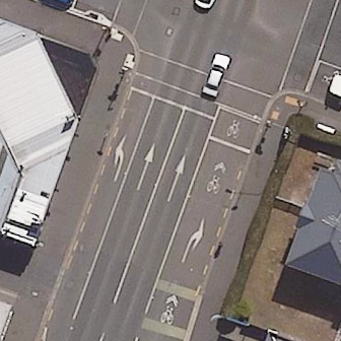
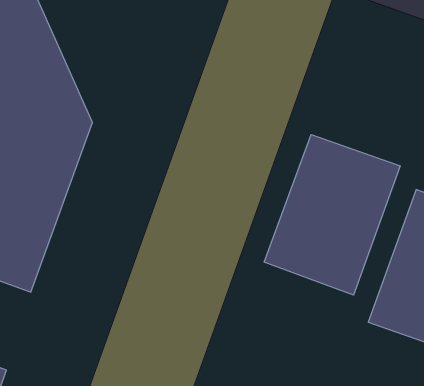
building: none -> [264,135,400,295]

